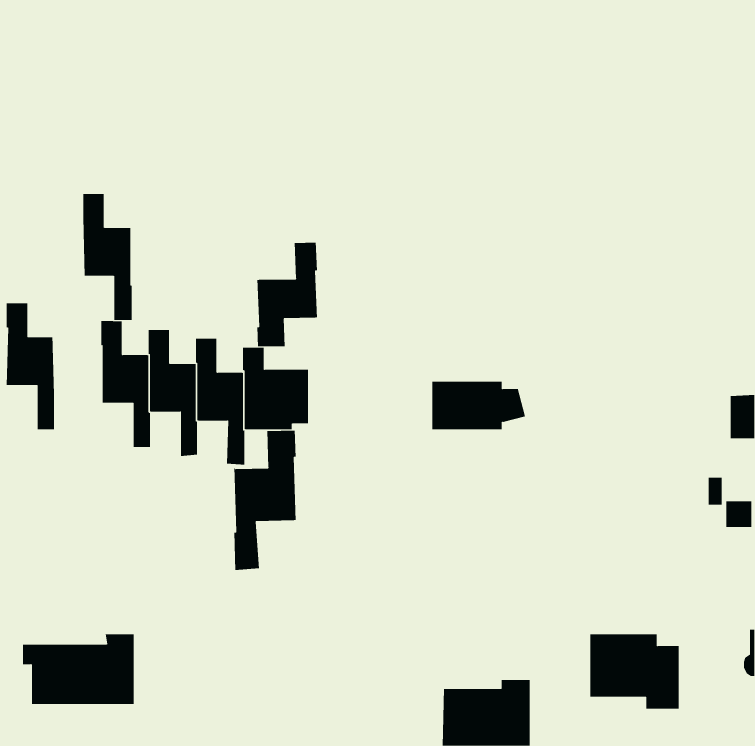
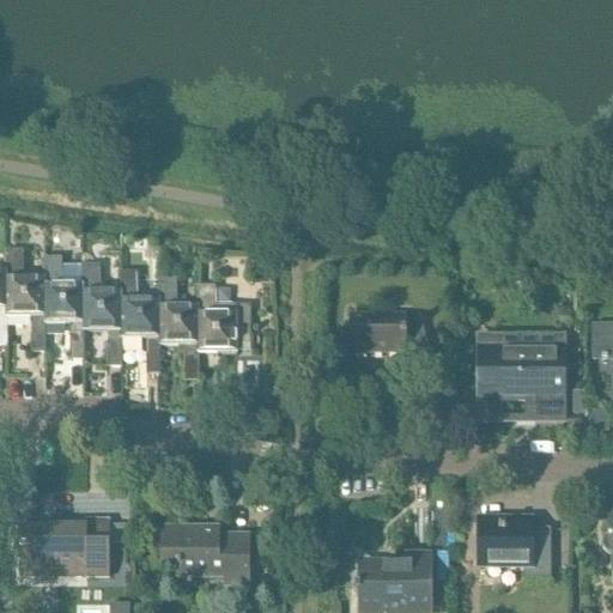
building: [82,194,133,321] -> [43,253,84,356]
building: [257,242,317,347] -> none
building: none -> [478,341,564,414]
building: [234,430,296,571] -> none
building: none -> [162,523,248,583]

